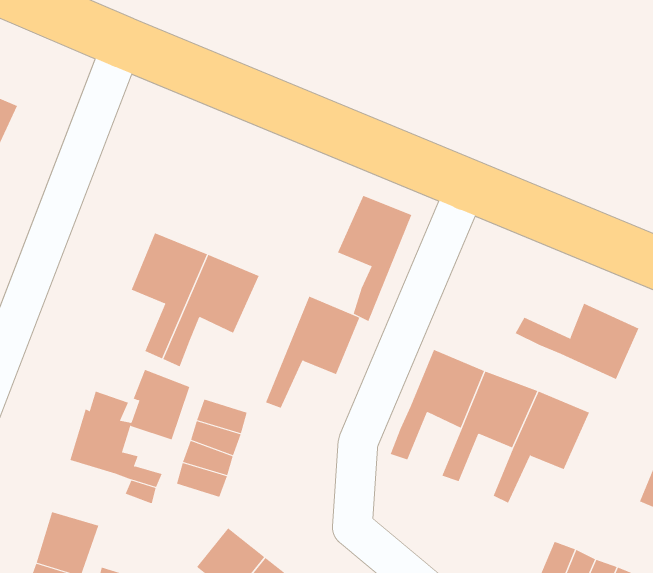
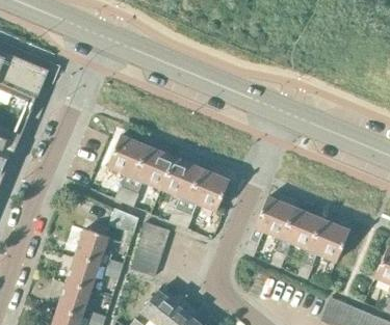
building: [337,195,412,322] -> [162,159,202,225]
building: [515,303,639,380] -> none
building: none -> [67,255,100,290]

